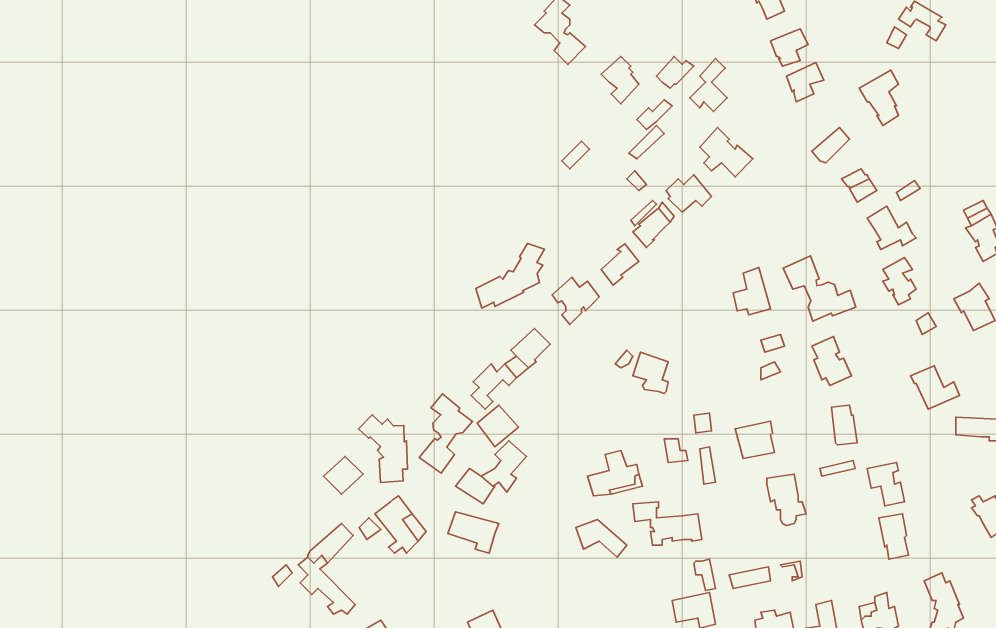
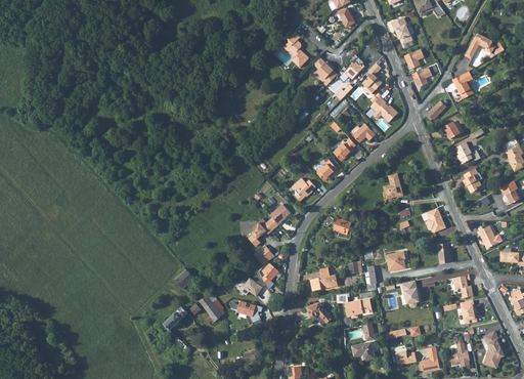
building: [476,243,545,308] -> none
building: [783,256,856,321] -> none
building: [419,394,473,473] -> none
building: [358,415,408,482] -> none

